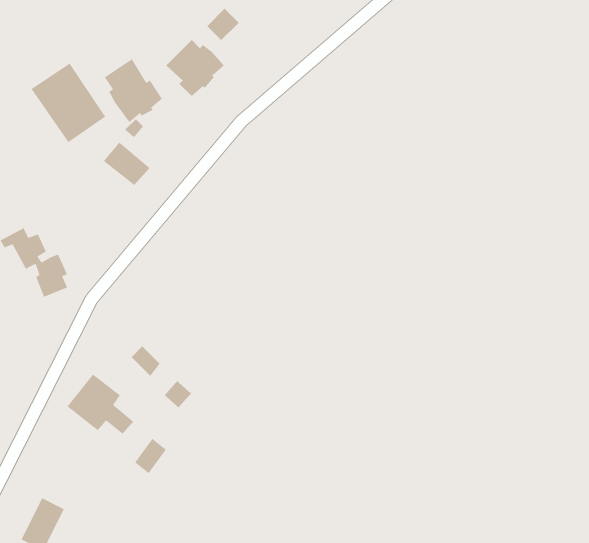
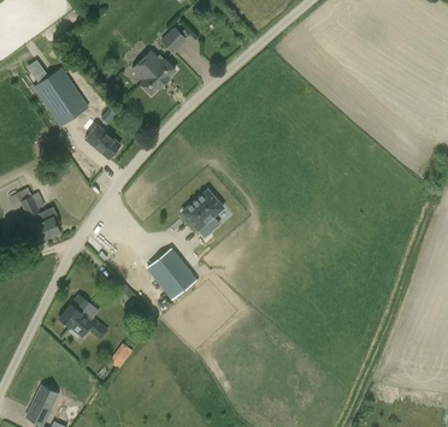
building: [104,58,163,123] -> none
building: none -> [182,190,223,233]
building: none -> [148,250,201,306]

